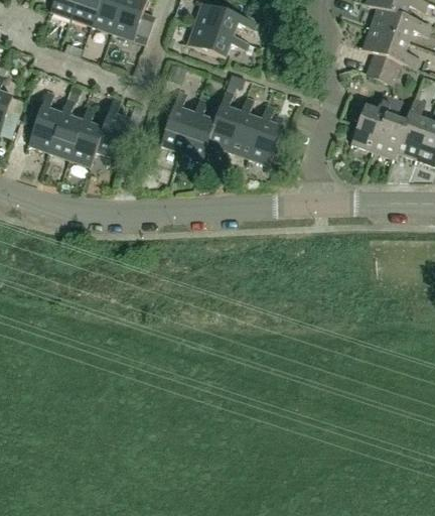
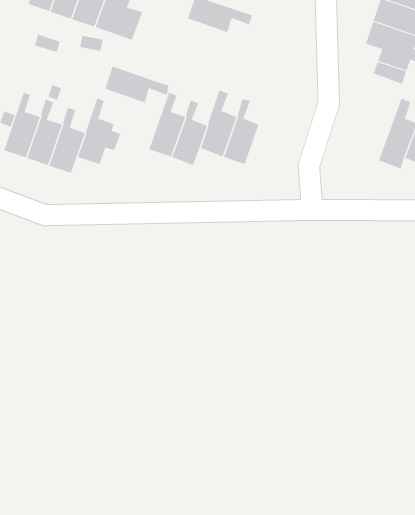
building: [189,23,249,57] -> [105,66,169,103]
building: [351,93,393,153] -> none
building: [250,104,284,164] -> none

